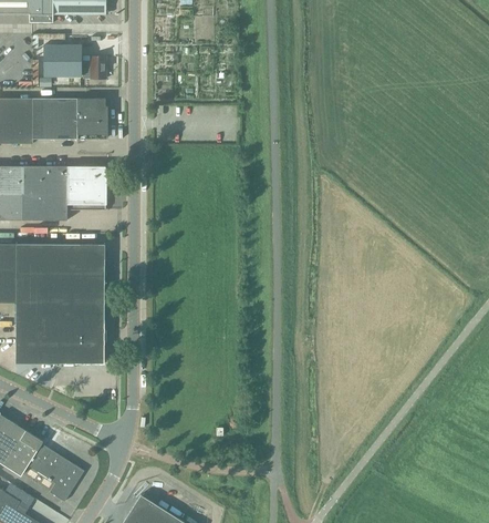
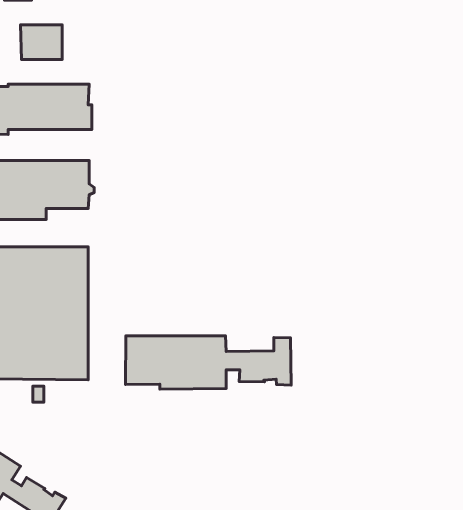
building: [83,55,106,79] -> none
building: none -> [125,336,291,389]

